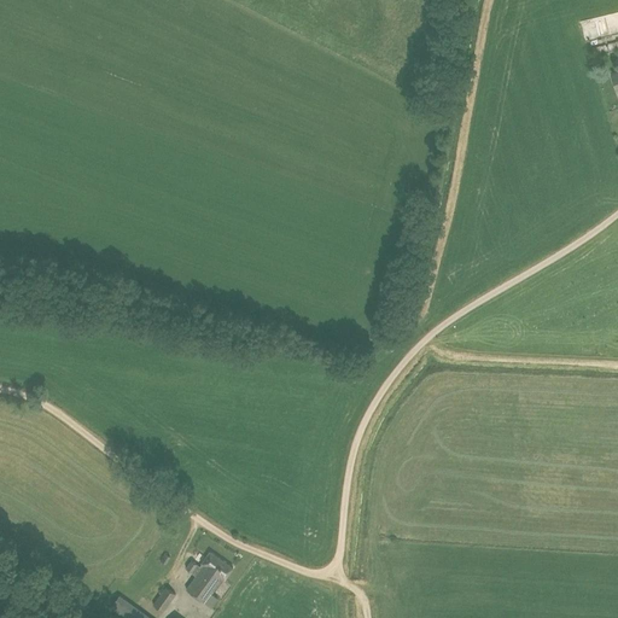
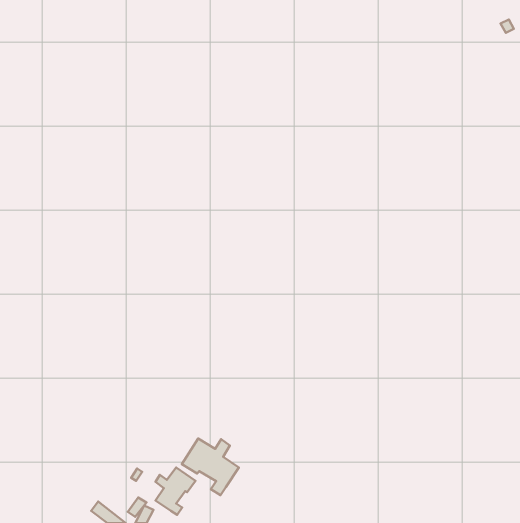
building: none -> [182,439,239,495]

